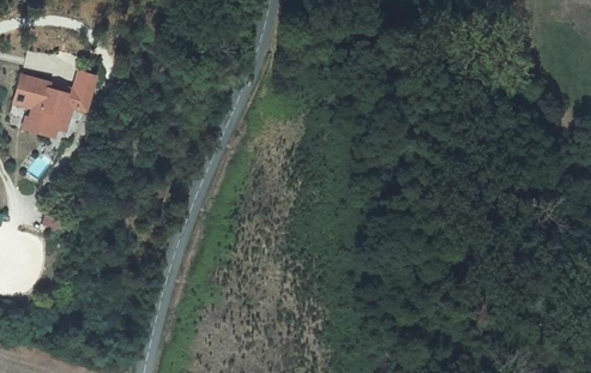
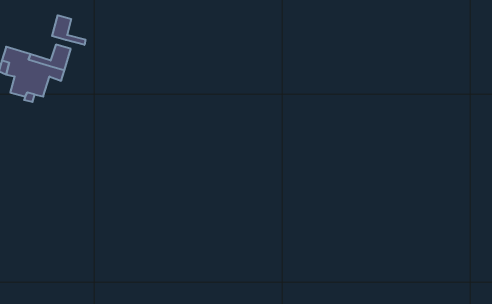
building: none -> [52,15,85,45]

